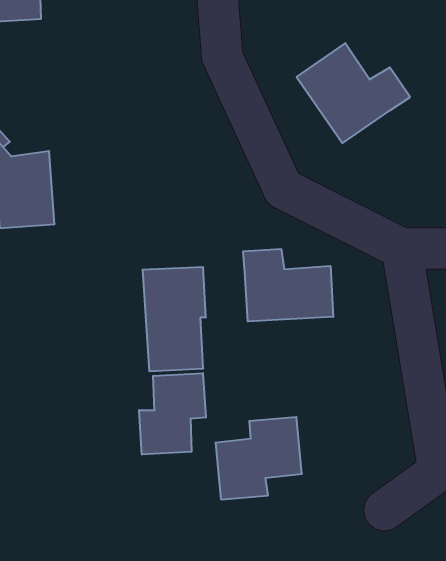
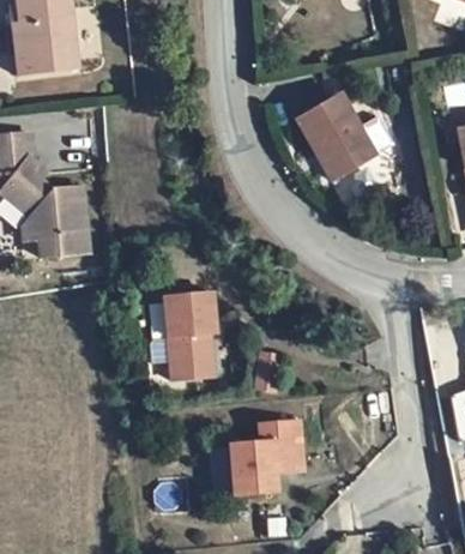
building: [243,249,333,322] -> none
building: [139,373,206,455] -> none

